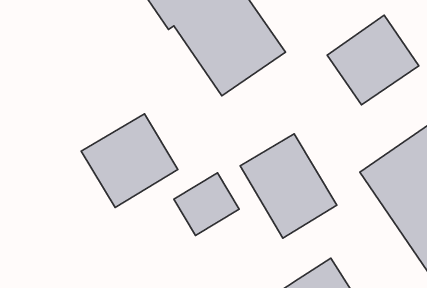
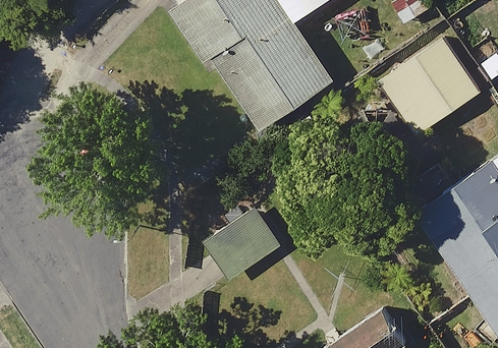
building: [81,114,178,207] -> none
building: [240,134,337,238] -> none

